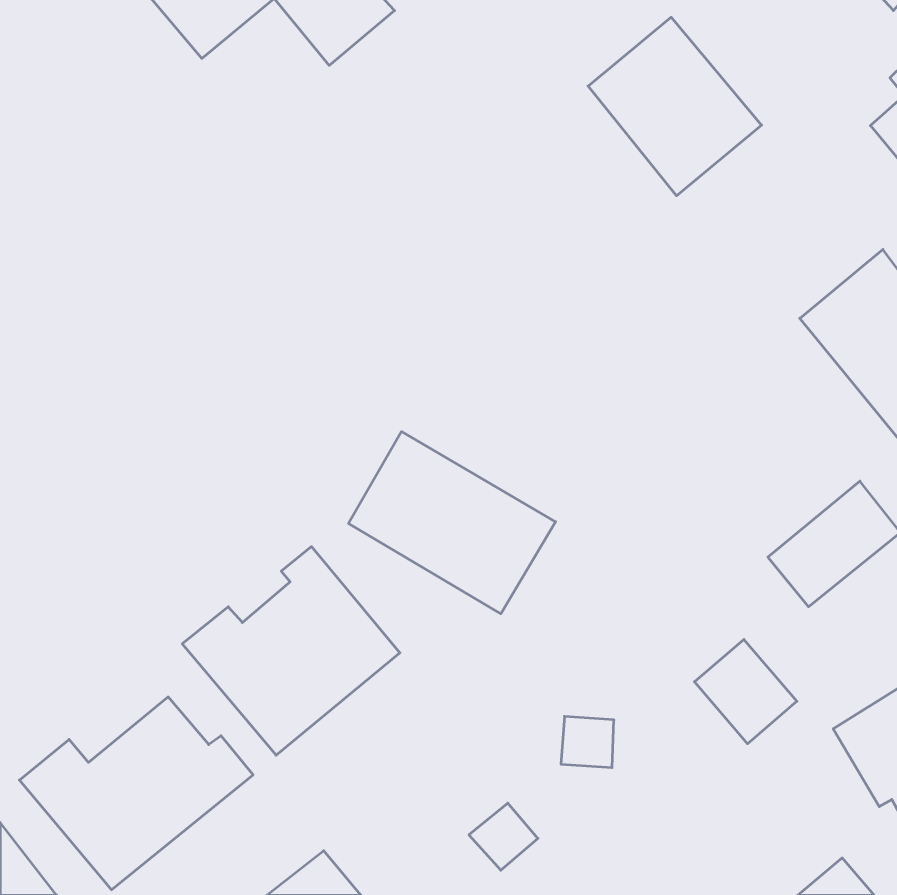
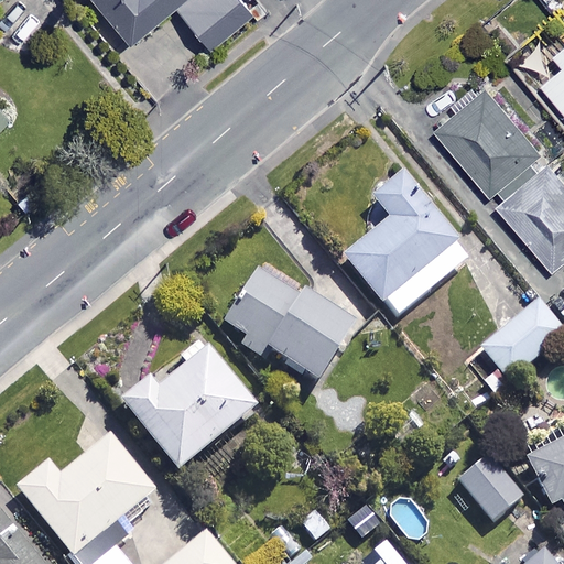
building: [588,17,762,196] -> [441,80,549,192]
building: none -> [341,172,470,318]
building: [694,639,797,744] -> [459,456,523,521]

